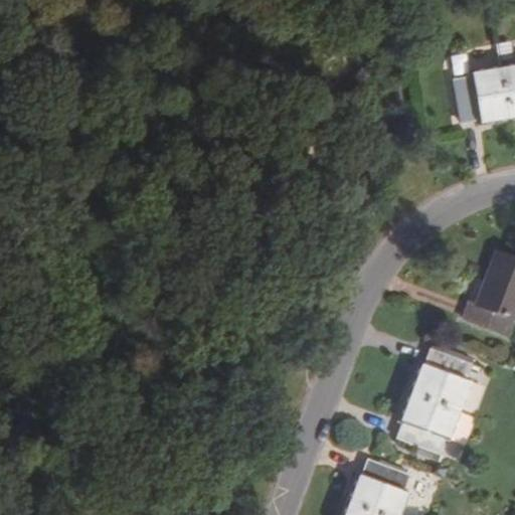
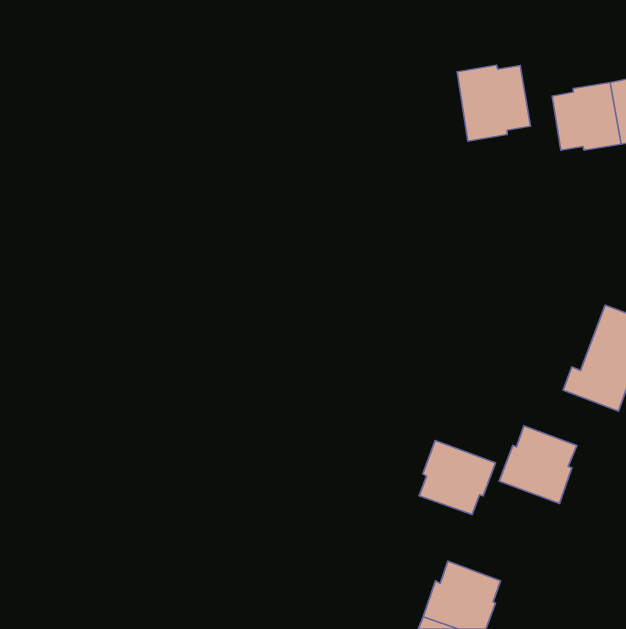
building: none -> [457,65,531,141]
building: [397,393,460,454] -> [419,441,495,514]

